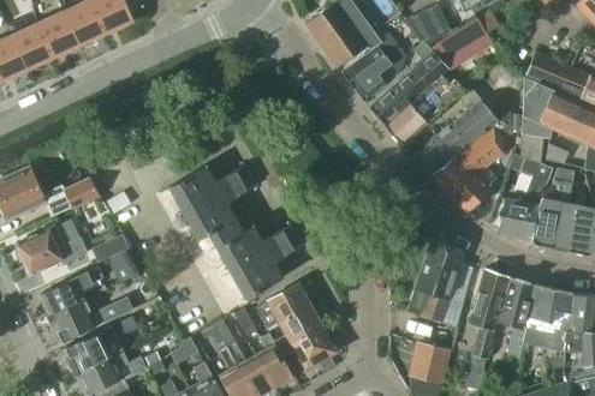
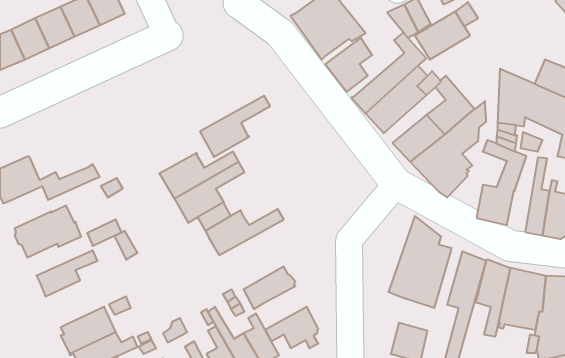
building: [524,52,571,92] -> none
building: [531,168,564,247] -> none
building: [231,234,304,298] -> [200,96,270,157]
building: [47,298,132,341] -> none
building: [274,304,322,349] -> none

